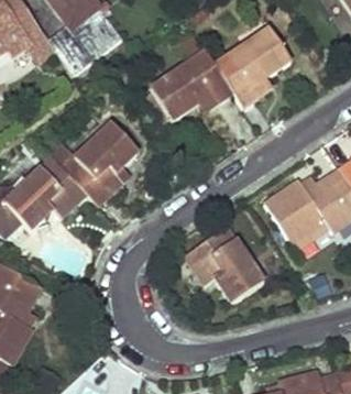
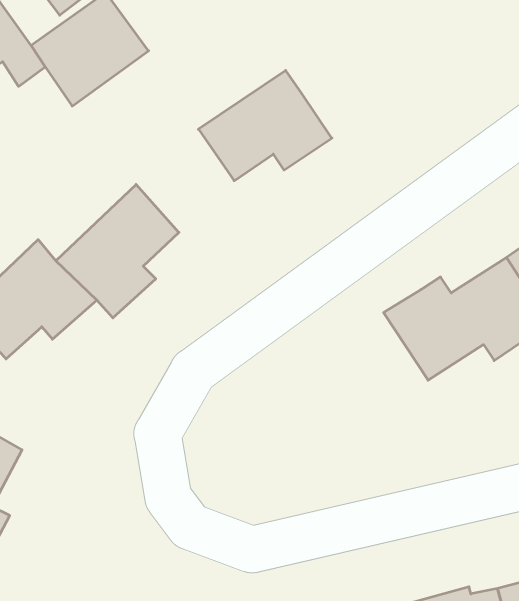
building: [213,29,289,108] -> none
building: [185,227,263,300] -> none

